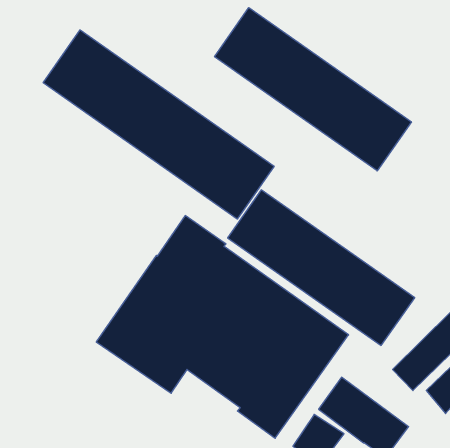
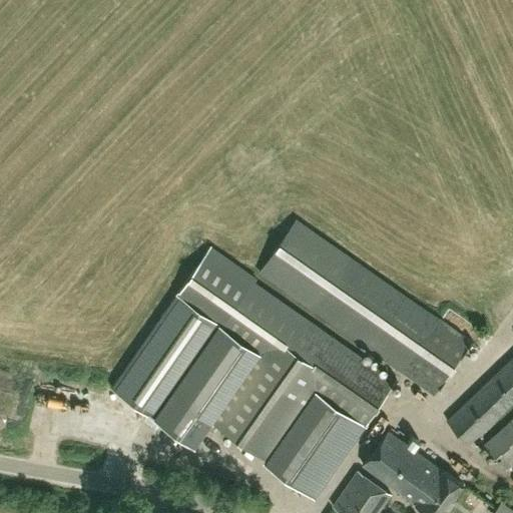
building: [215,8,411,171] -> none
building: [43,30,274,219] -> none

